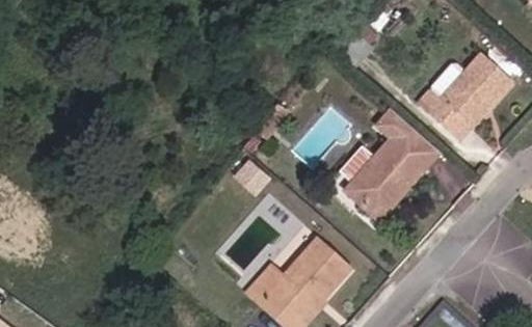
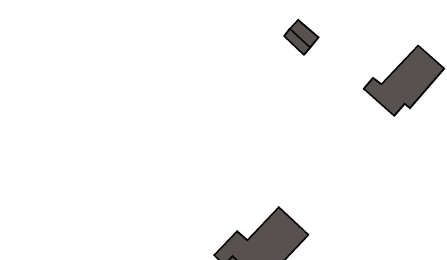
building: [343,111,430,213] -> none

